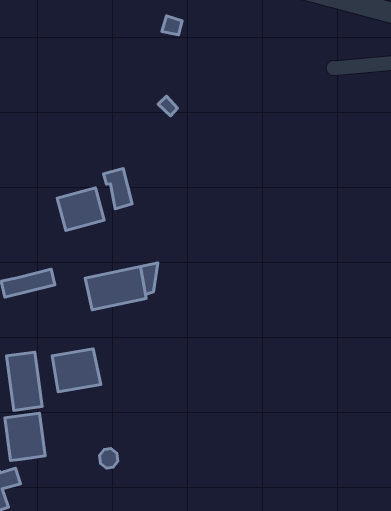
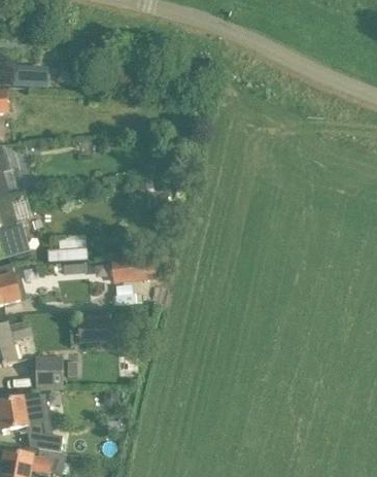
building: [57,188,104,230] -> none
building: [6,352,42,410] -> none

